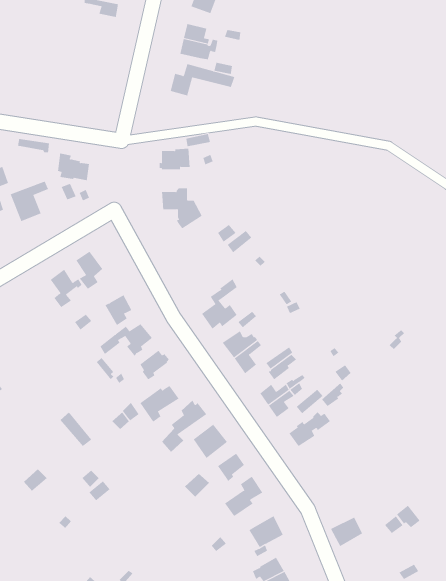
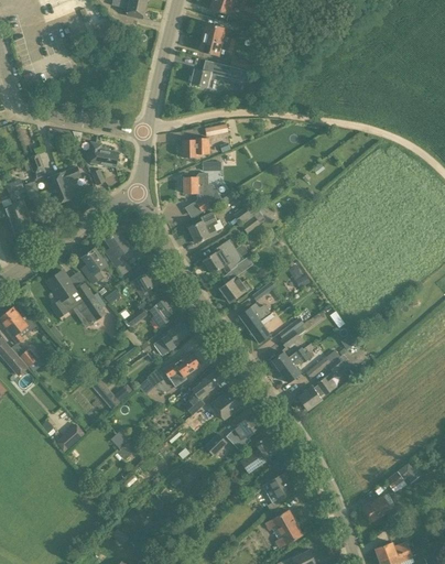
building: none -> [187,215,217,242]
building: none -> [203,239,241,273]
building: none -> [46,270,106,325]
building: [330,517,363,547] -> [361,495,391,522]

